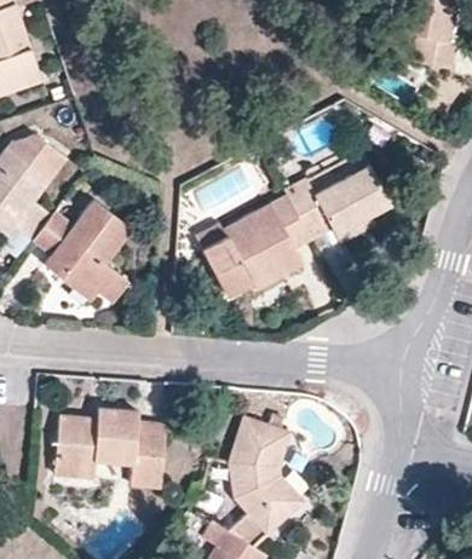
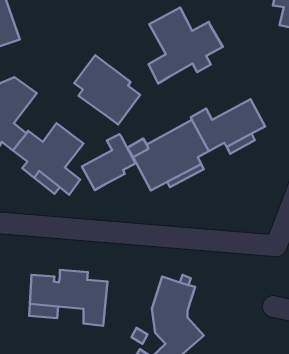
building: none -> [148,7,223,83]
building: none -> [74,55,140,125]
building: none -> [82,134,135,190]

